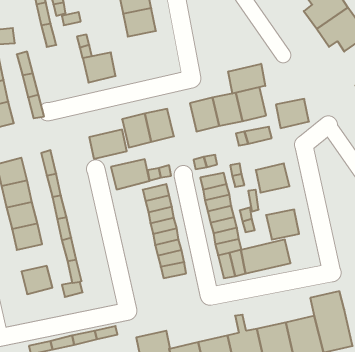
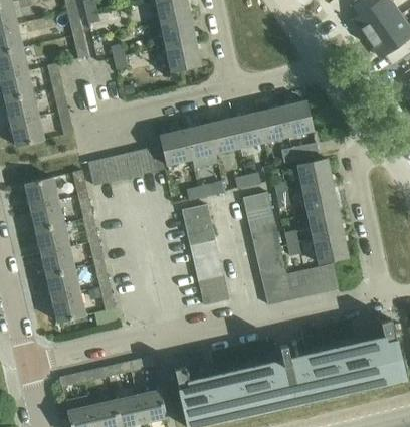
building: [83,52,116,83] -> [165,40,200,72]
building: [228,64,265,94] -> none
building: [276,99,309,128] -> [296,158,332,189]
building: none -> [207,118,238,153]
building: [111,159,150,189] -> [87,154,129,186]
building: none -> [306,206,343,237]
building: none -> [46,268,78,297]

